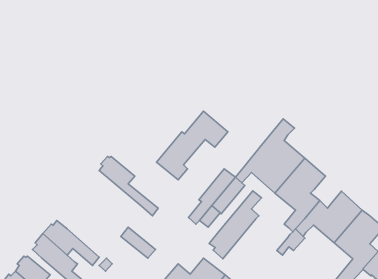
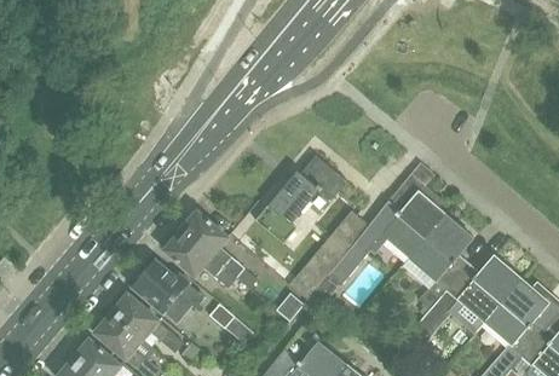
building: none -> [166,230,237,287]
building: [209,191,261,259] -> none
building: none -> [134,261,206,323]

